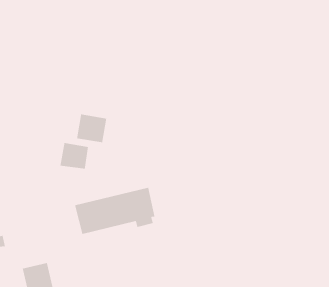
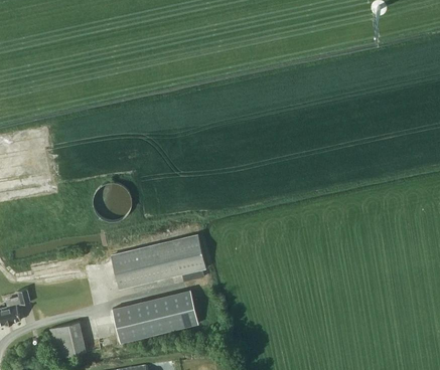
building: [76,113,107,143] -> none
building: none -> [112,291,199,342]

